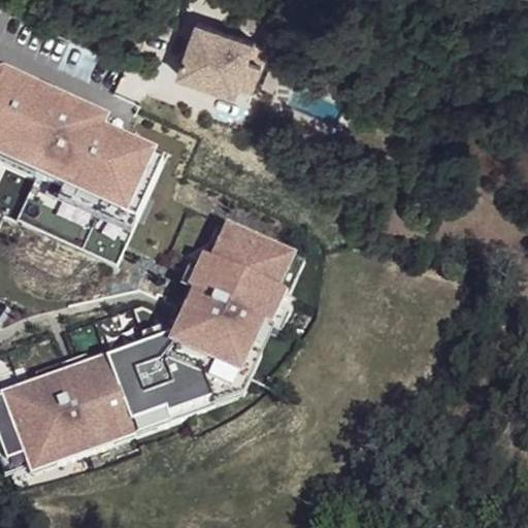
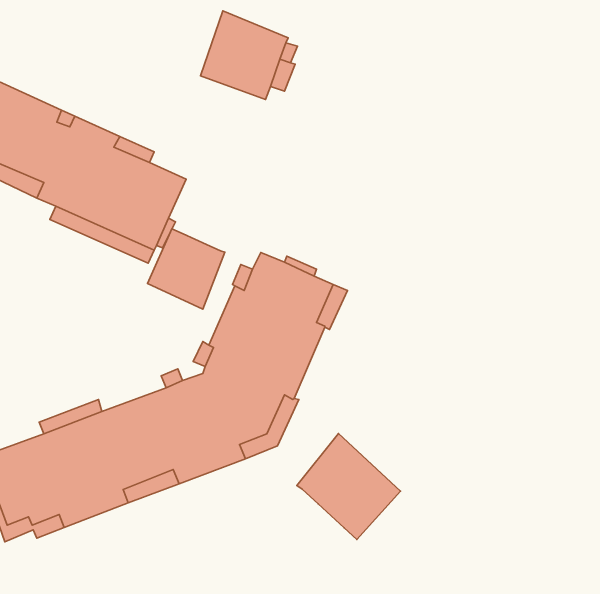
building: none -> [148,229,225,309]
building: none -> [297,434,401,539]

